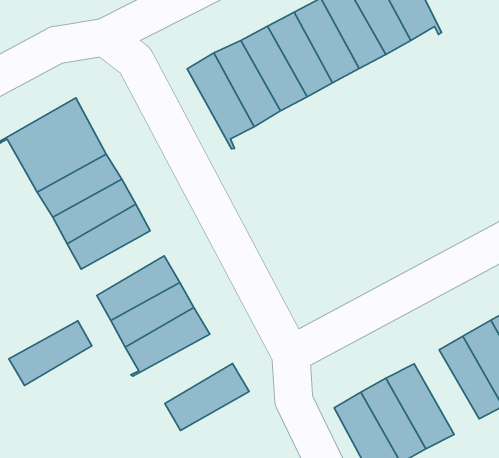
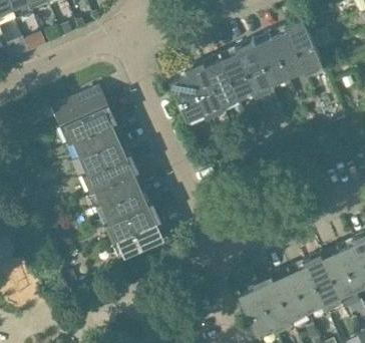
building: [9,321,92,385] -> [91,174,142,210]
building: none -> [288,263,324,315]
building: [165,363,249,430] -> none

